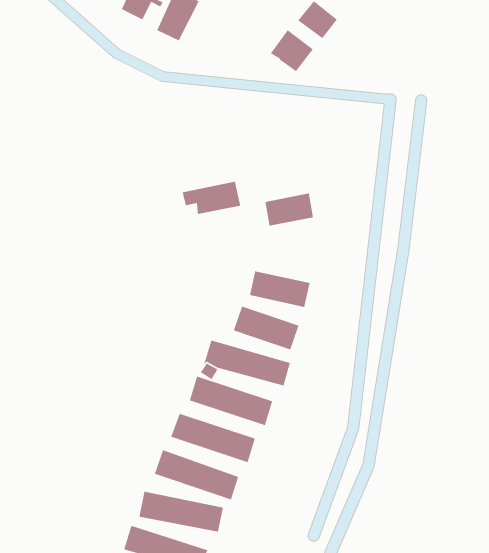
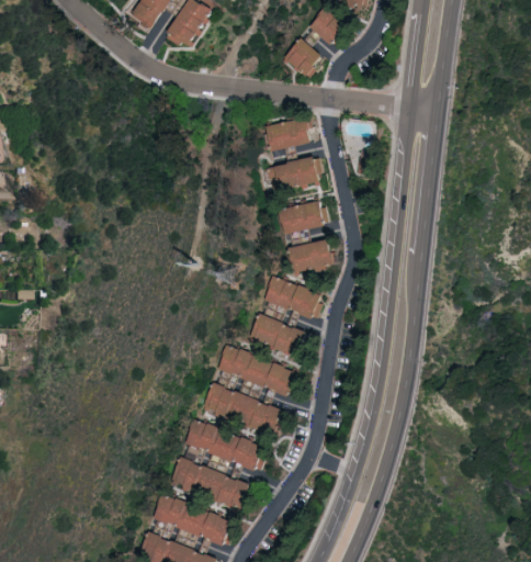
building: none -> [266,116,315,150]
building: [182,181,241,215] -> [262,157,321,191]
building: none -> [285,238,334,272]

